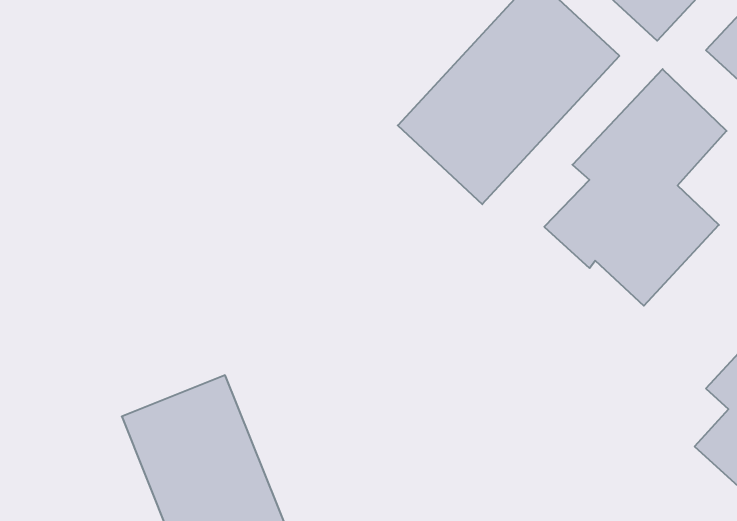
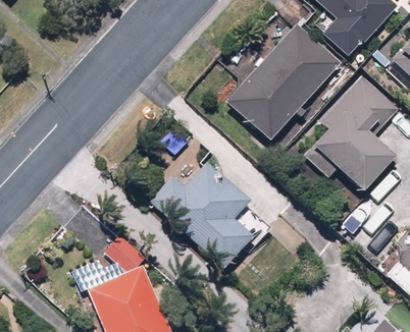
building: none -> [148,159,273,267]

